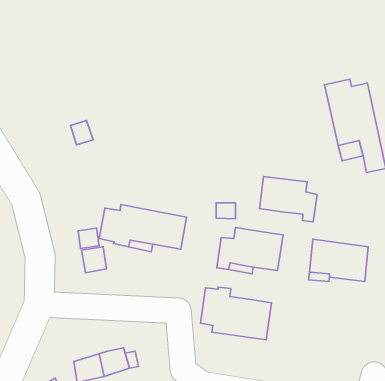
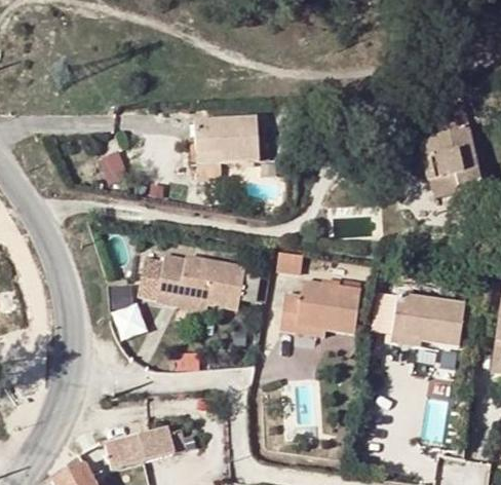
building: none -> [194,117,258,163]
building: [260,176,317,222] -> none
building: [200,287,272,340] -> none

